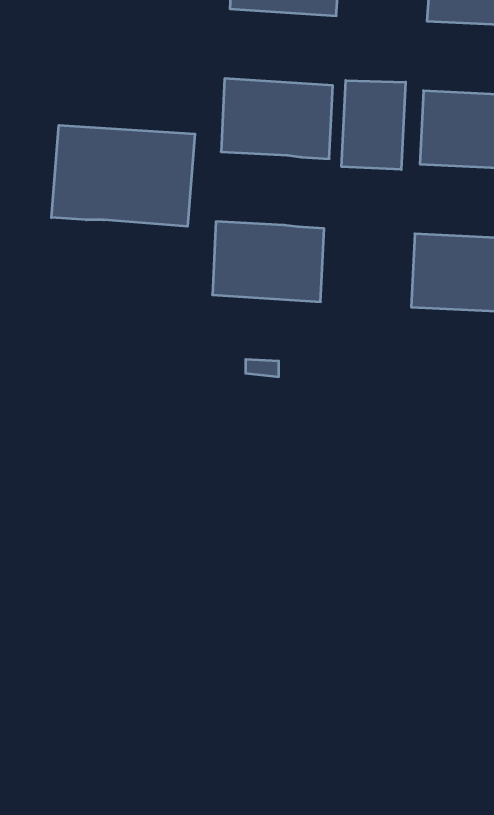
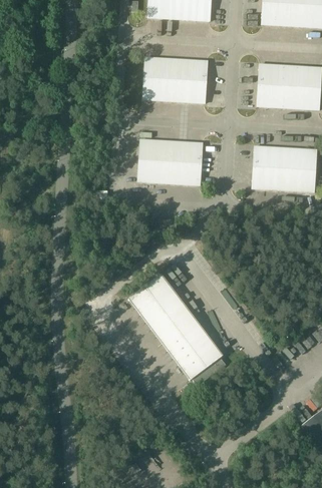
building: [342,80,406,170] -> none
building: [51,125,195,226] -> none
building: none -> [127,274,225,386]

